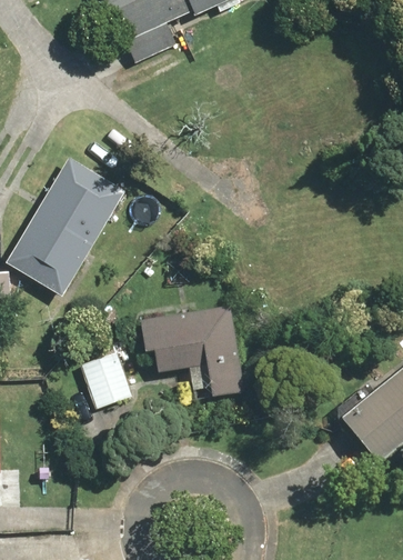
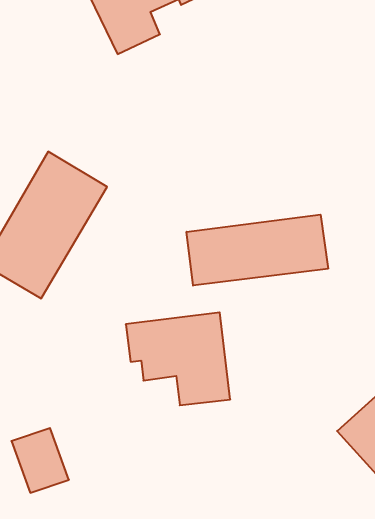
building: none -> [187,215,328,286]
building: [79,349,133,410] -> [11,428,69,493]

